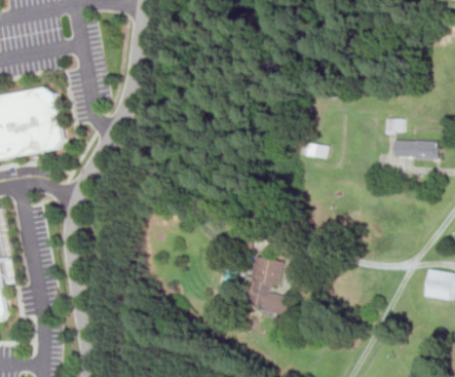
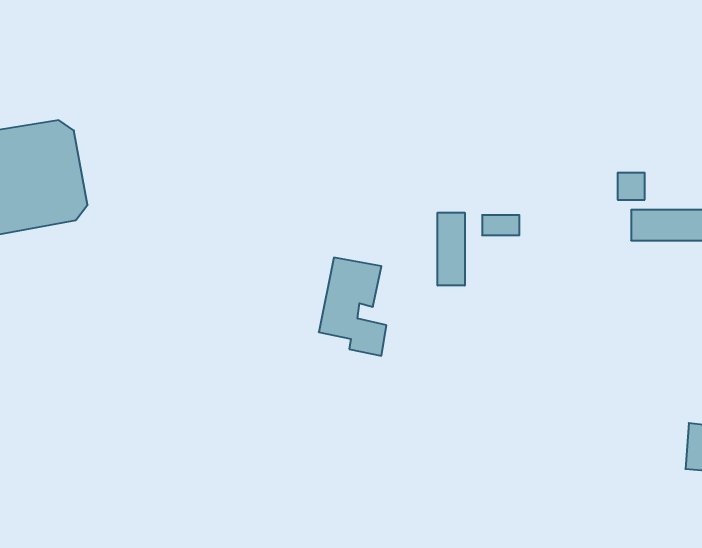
building: none -> [438,213,465,286]
building: [245,256,287,315] -> [319,258,386,356]

